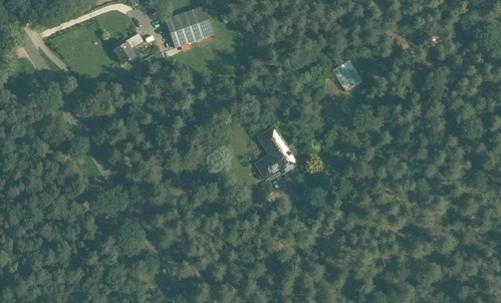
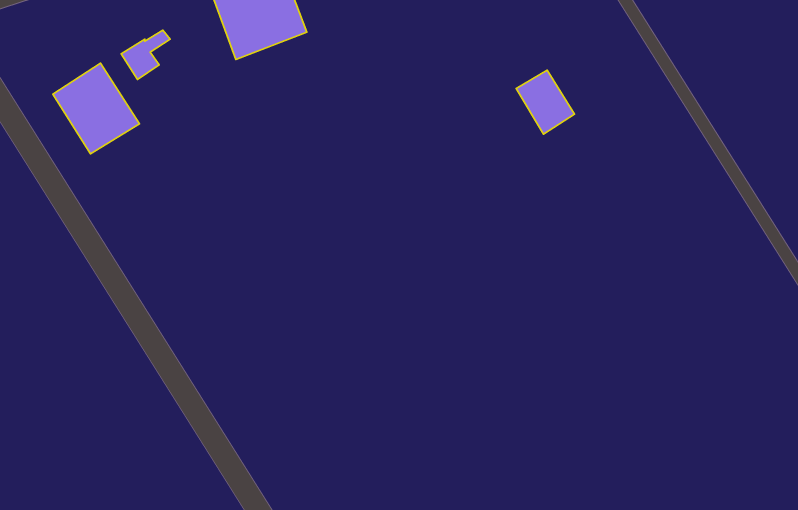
building: none -> [53,63,140,154]
building: [257,125,299,173] -> none

